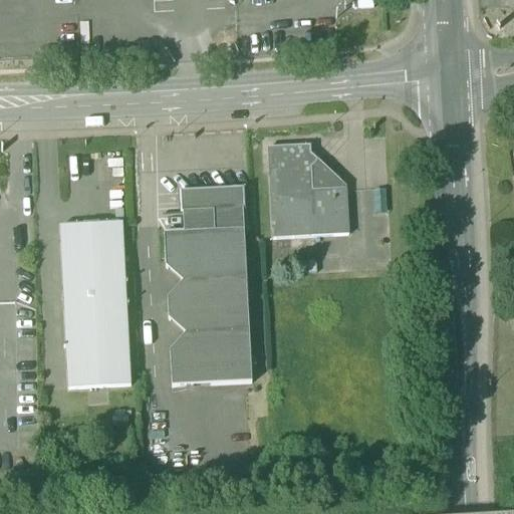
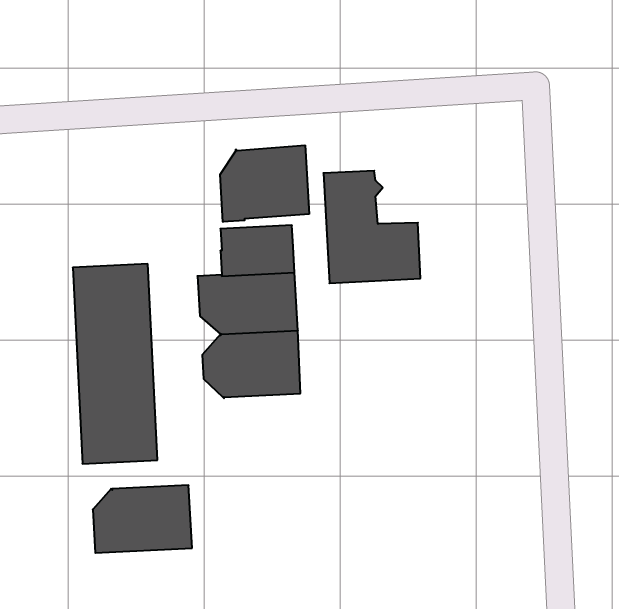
building: none -> [220,145,309,222]
building: [170,326,252,382] -> [93,485,192,553]

